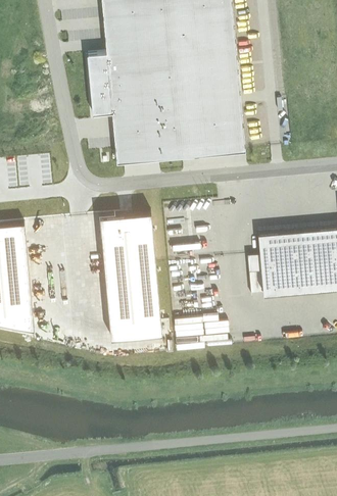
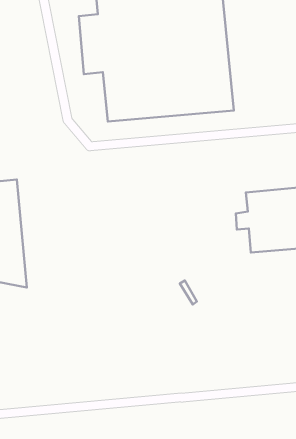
building: [99,212,161,340] -> none

